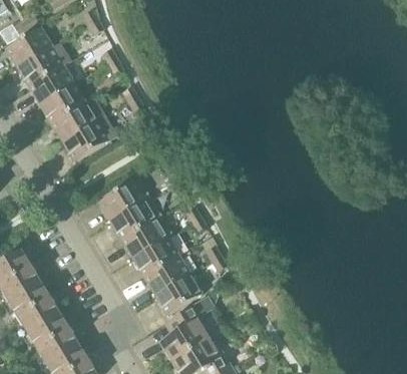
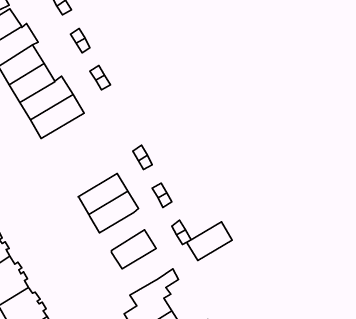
building: [99,178,151,222] -> none
building: [133,238,179,277] -> none
building: [156,275,202,315] -> [187,222,232,261]

